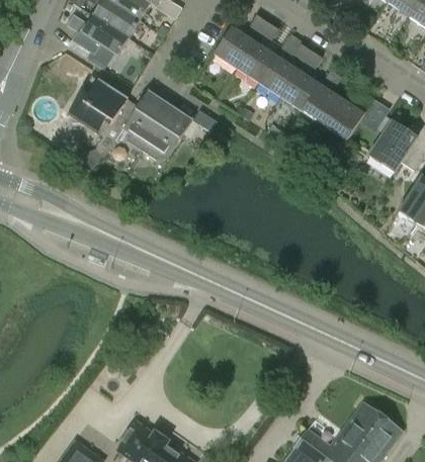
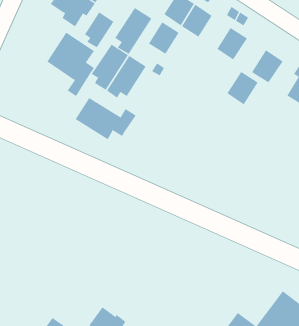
building: none -> [115,7,152,54]
building: none -> [84,12,114,48]
building: [259,55,299,96] -> [148,22,180,55]
building: [303,83,343,125] -> [226,71,259,105]
building: none -> [75,97,136,140]

